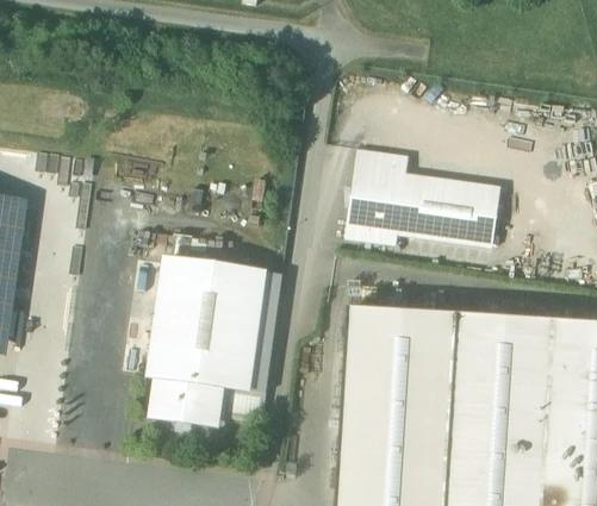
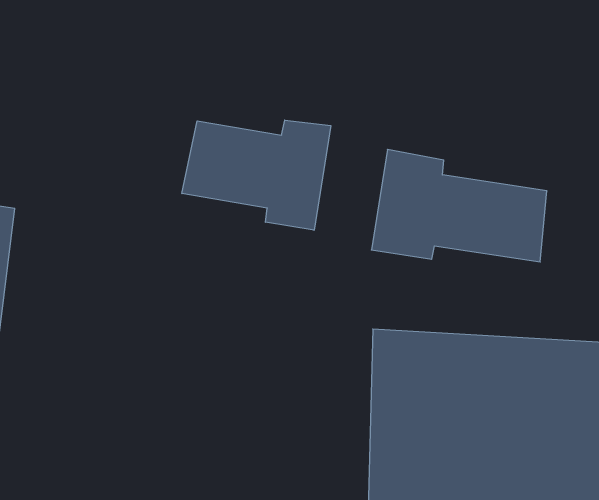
building: none -> [182,120,331,230]
building: [149,257,266,421] -> none

